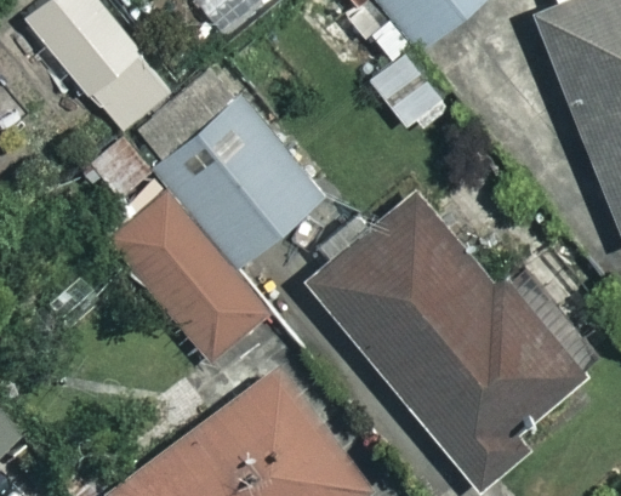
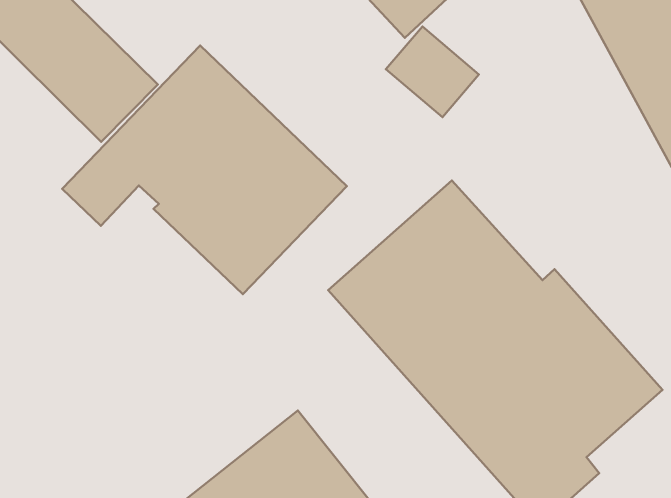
building: [109,194,270,363] -> none

